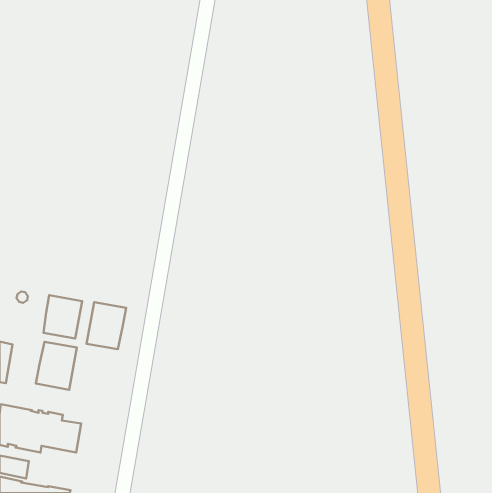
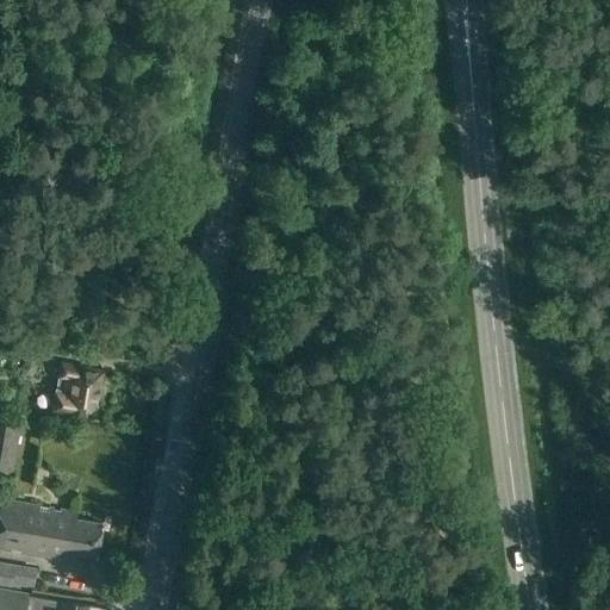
building: [87,302,126,349] -> none
building: [36,342,77,390] -> none

